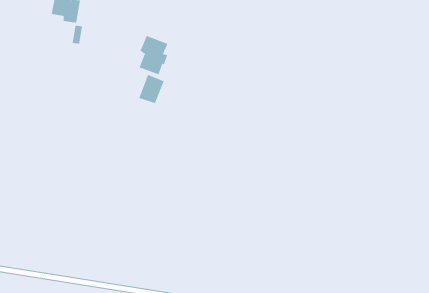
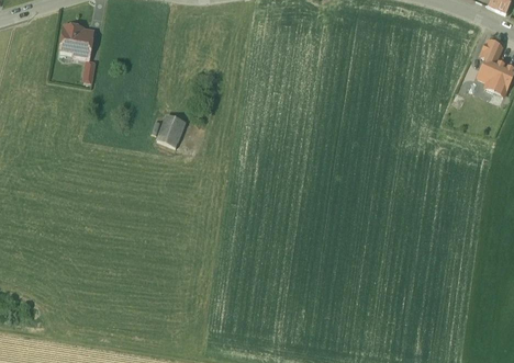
building: [139,35,168,75] -> none

